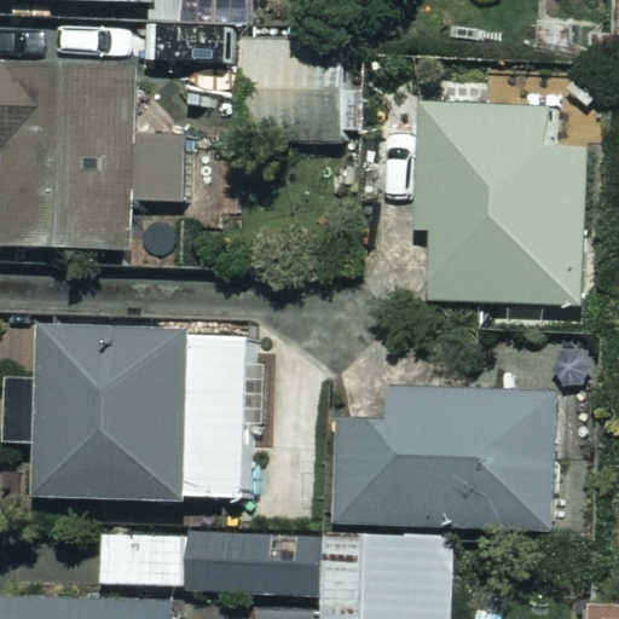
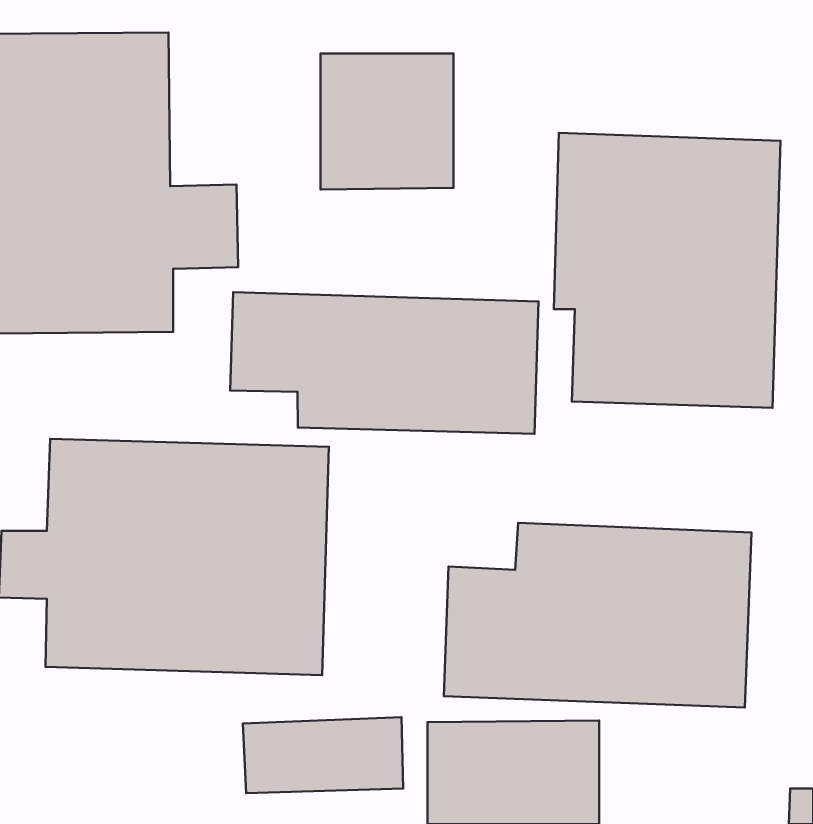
building: none -> [230,292,539,434]

